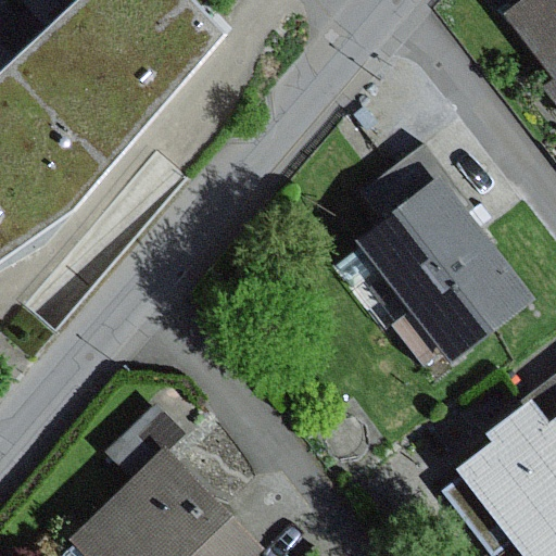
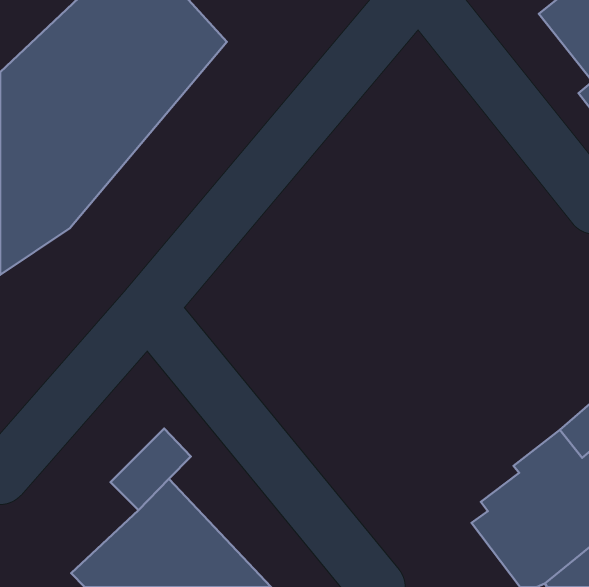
building: [357,179,535,366] -> none

